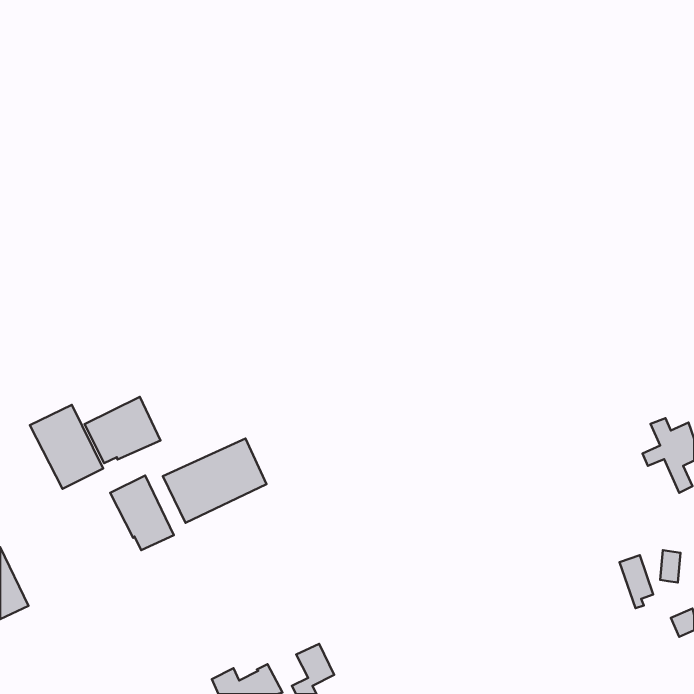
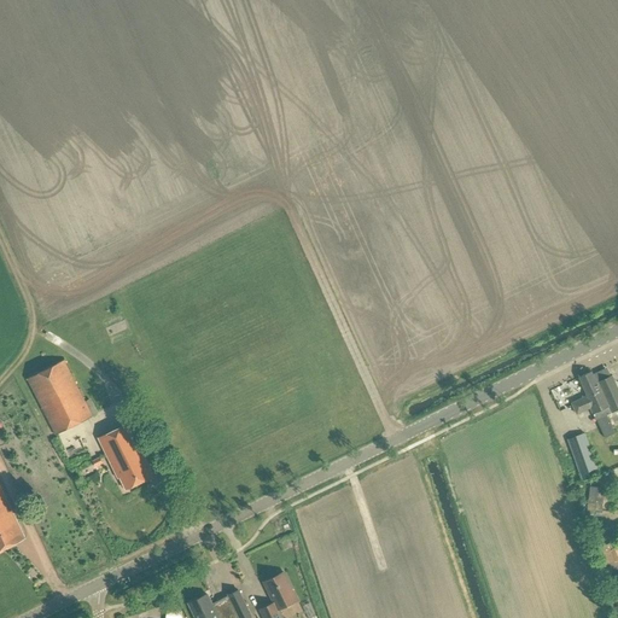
building: [84,397,160,463] -> none
building: [163,438,267,523] -> none
building: [619,555,653,608] -> [567,433,597,480]

